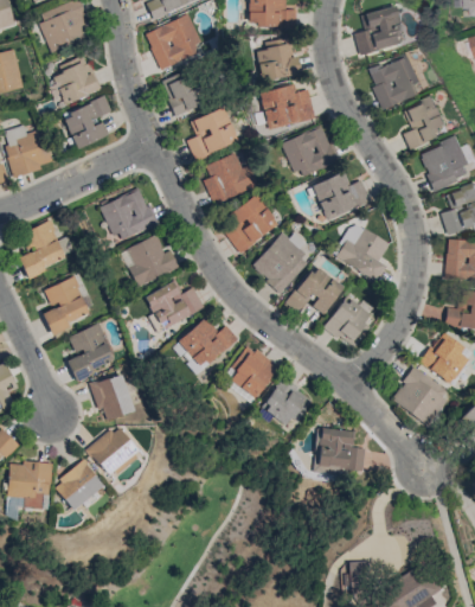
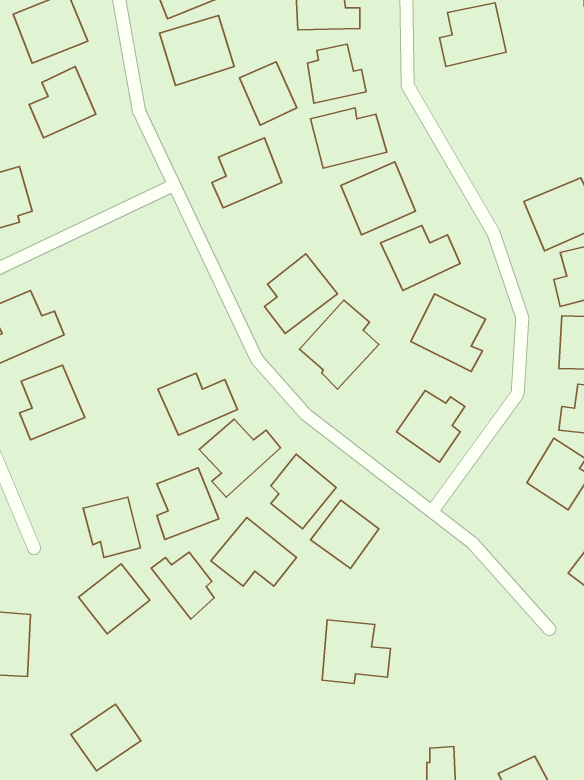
building: [367,53,425,107] -> none
building: [161,69,204,116] -> [239,62,297,125]
building: [403,96,451,148] -> none
building: [63,97,113,148] -> none
building: [205,153,257,203] -> none
building: [98,187,158,242] -> none
building: [128,235,179,287] -> none
building: [285,263,344,313] -> none
building: [69,324,115,377] -> [157,468,219,539]
building: [392,366,451,424] -> none
building: none -> [211,517,296,586]
building: none -> [151,552,214,619]
building: [315,427,366,474] -> [322,620,391,683]
building: [52,460,104,510] -> [71,704,141,771]

